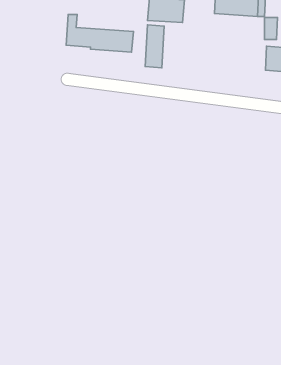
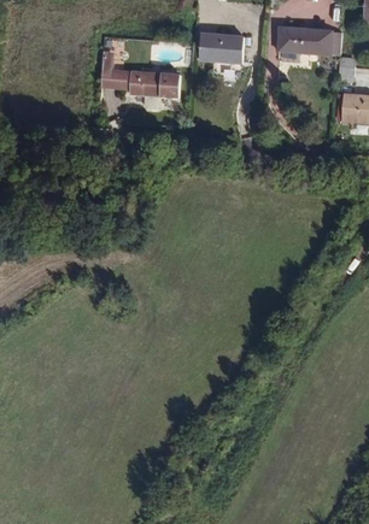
building: [145,25,164,68] -> none

